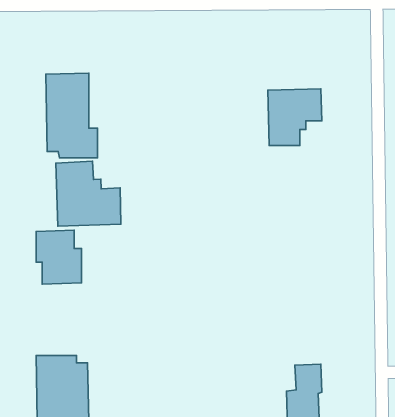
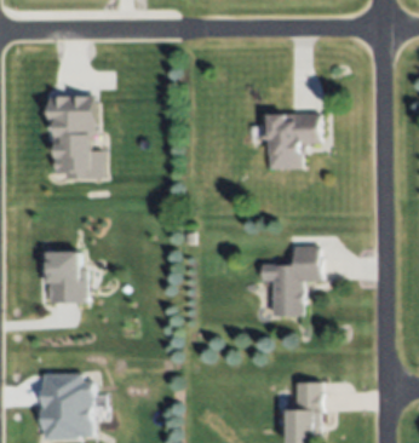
building: [56,161,121,226] -> none
building: none -> [260,244,321,315]

